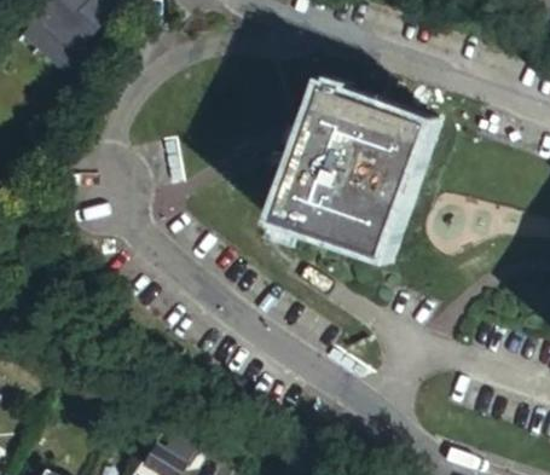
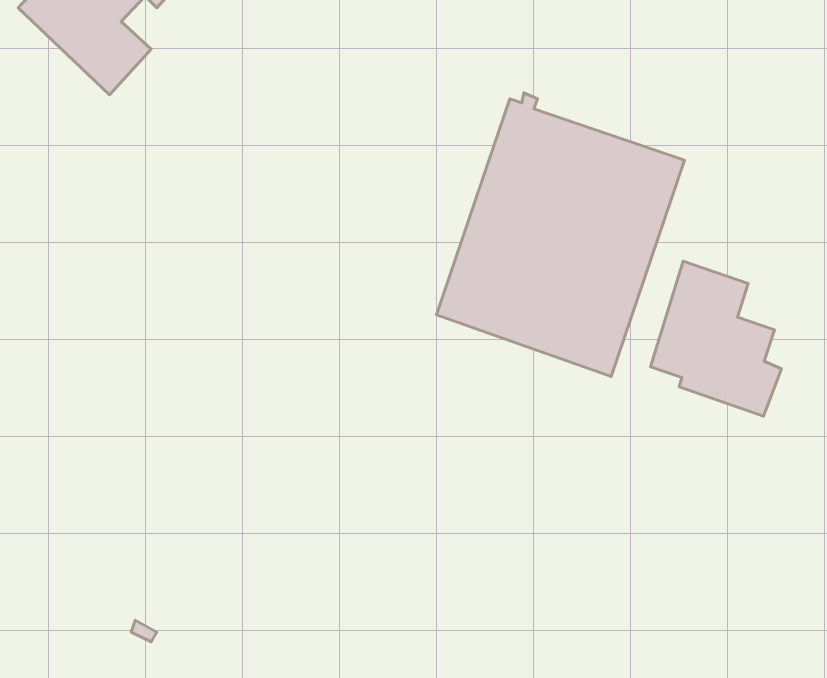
building: none -> [651,261,781,416]

